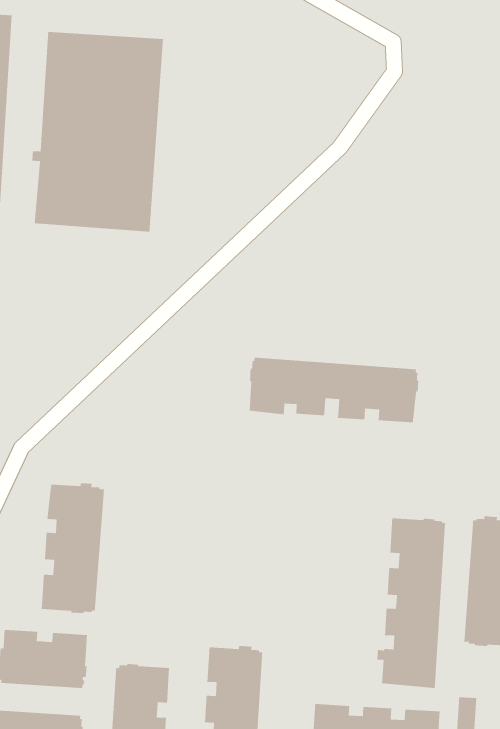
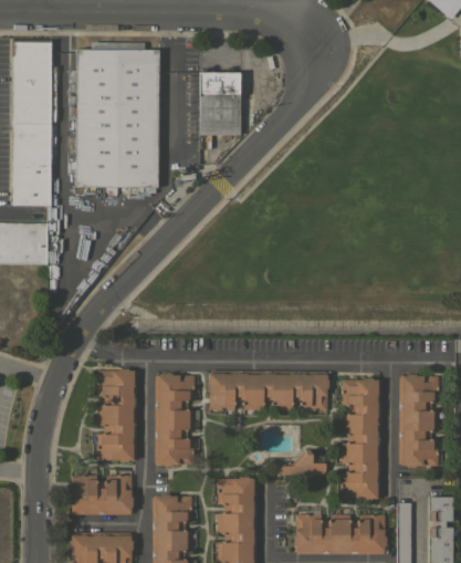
building: none -> [199,72,240,148]
building: [249,357,419,423] -> [208,371,328,410]
building: none -> [155,374,200,466]
building: none -> [279,450,326,477]

